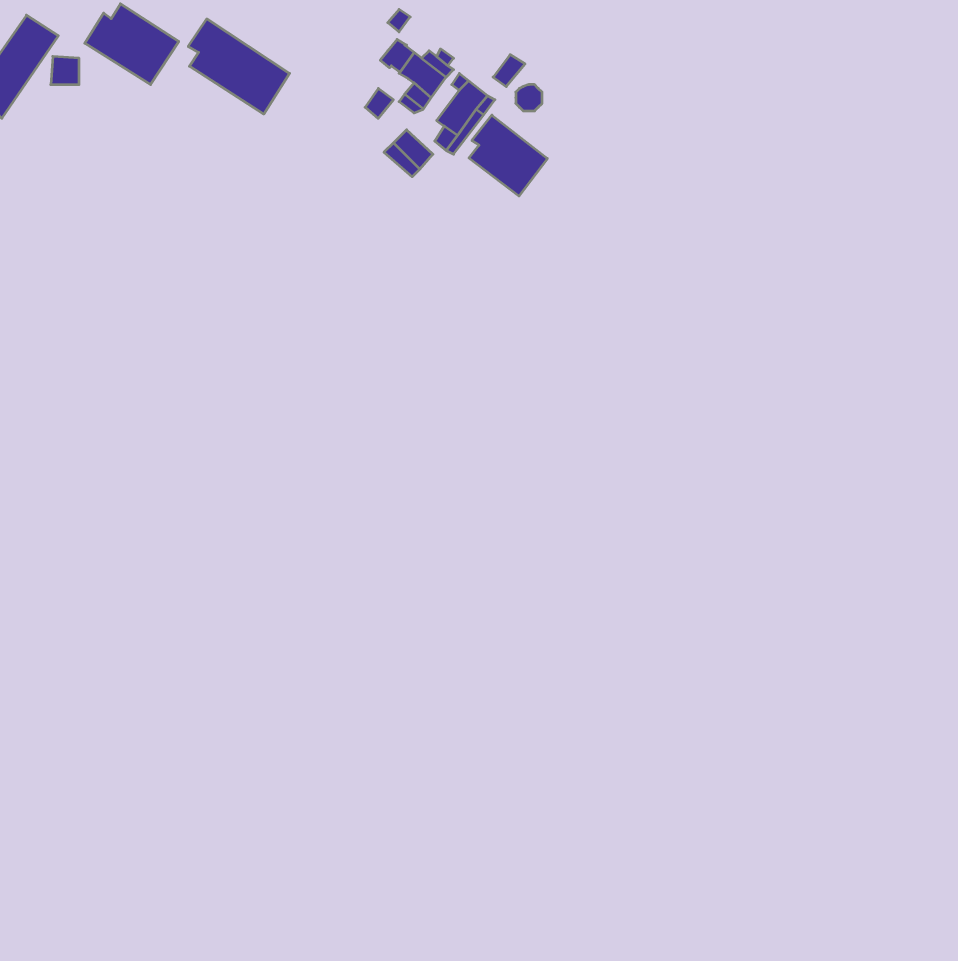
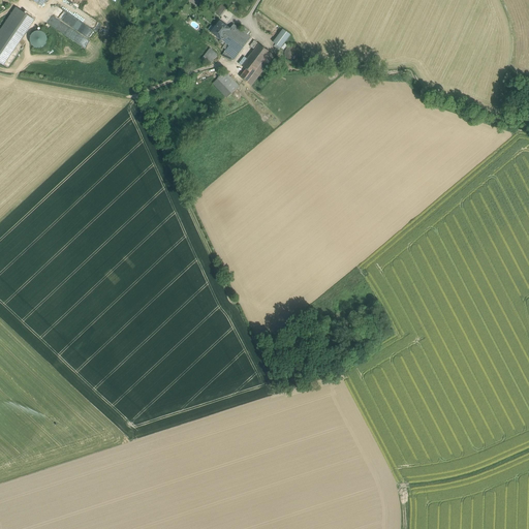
building: [188,19,290,114] -> none
building: [469,115,547,196] -> none

